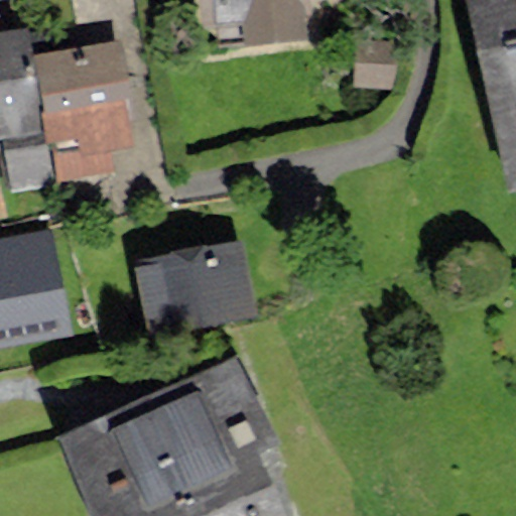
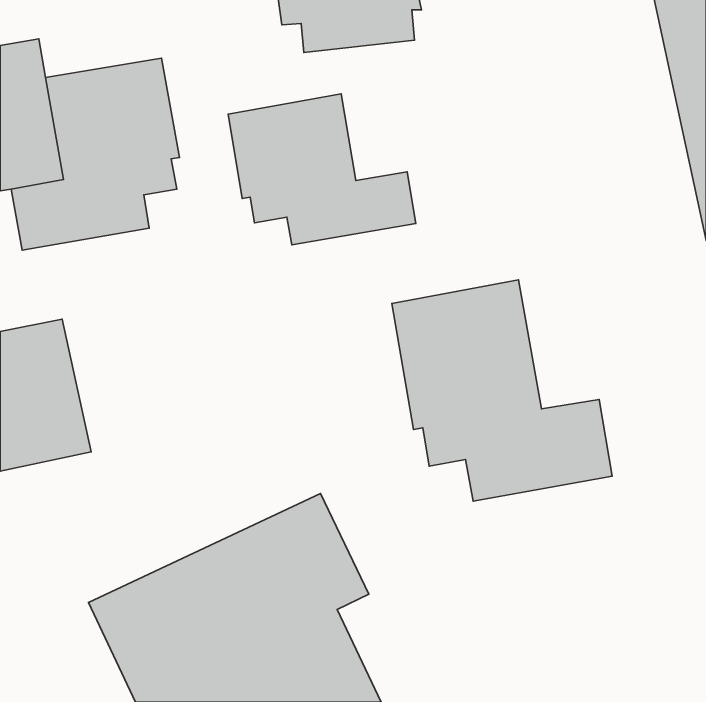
building: none -> [228,94,416,245]
building: none -> [392,280,612,501]
building: [140,247,246,322] -> none

